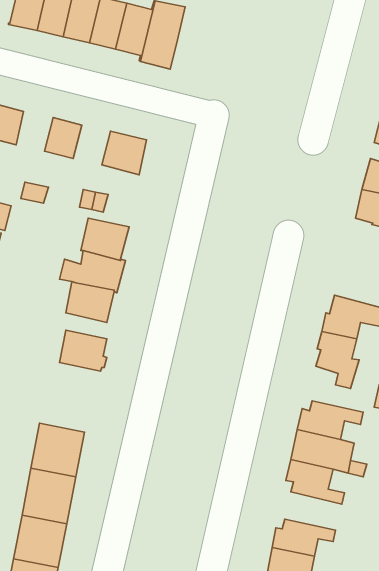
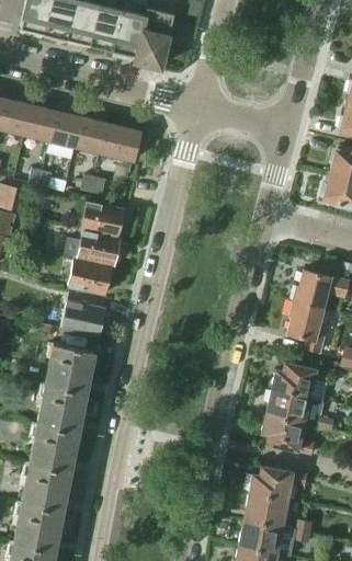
building: none -> [25,105,58,140]
building: none -> [76,117,109,152]
building: none -> [46,341,93,388]

